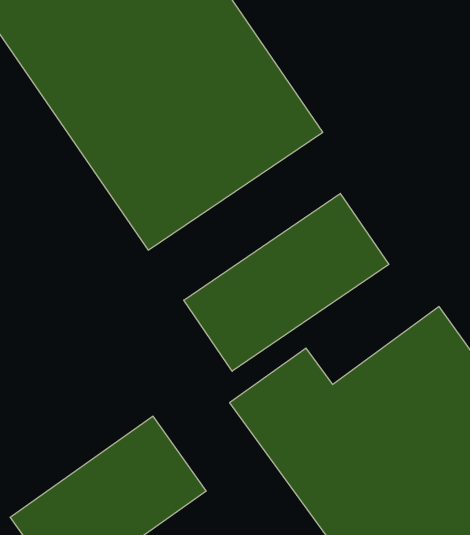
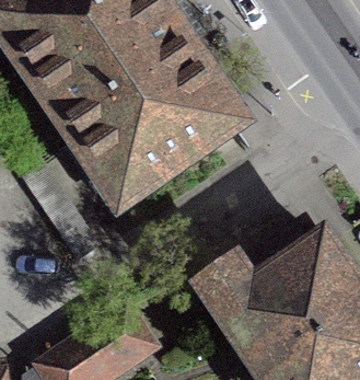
building: [184,193,389,371] -> none

